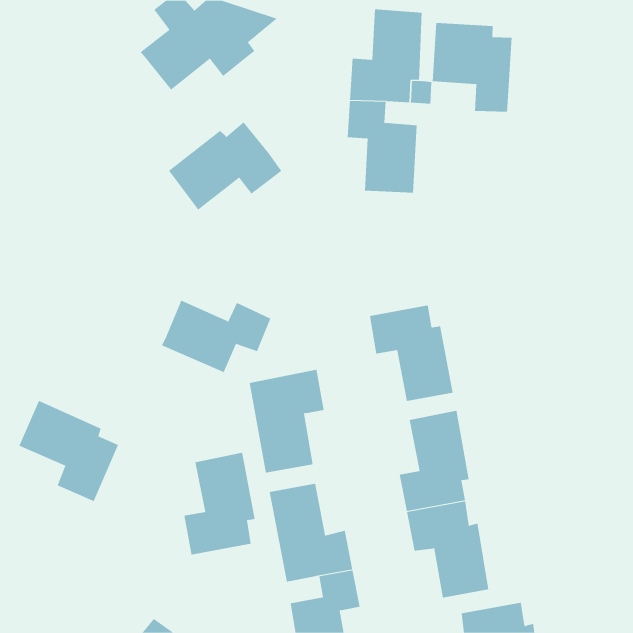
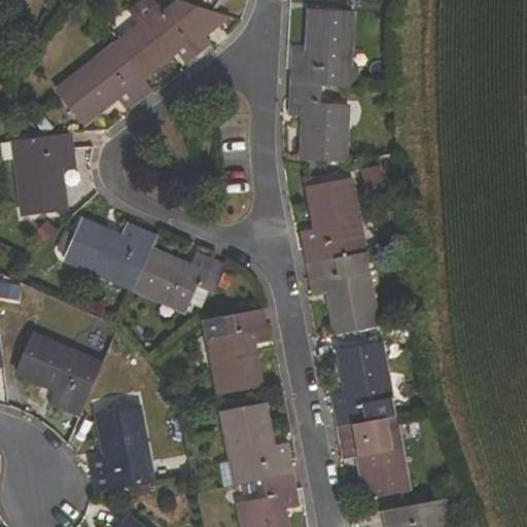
building: [432,22,512,112] -> none
building: [168,121,282,211] -> [58,48,152,122]
building: none -> [17,131,77,215]
building: none -> [301,177,360,262]
building: none -> [65,219,157,281]
building: [184,452,255,555] -> [89,405,148,490]

